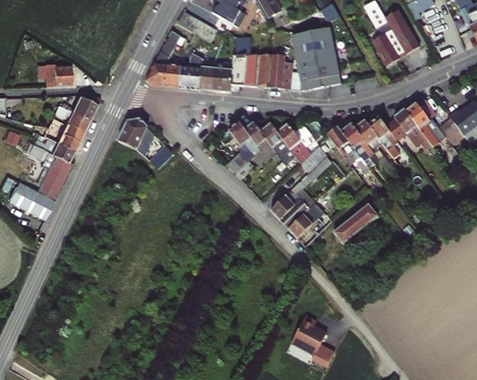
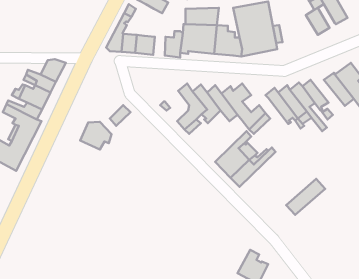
building: [189,54,213,90] -> none
building: [44,64,70,86] -> none
building: [117,119,153,151] -> [80,122,112,150]
building: [333,203,377,243] -> [286,179,325,215]

